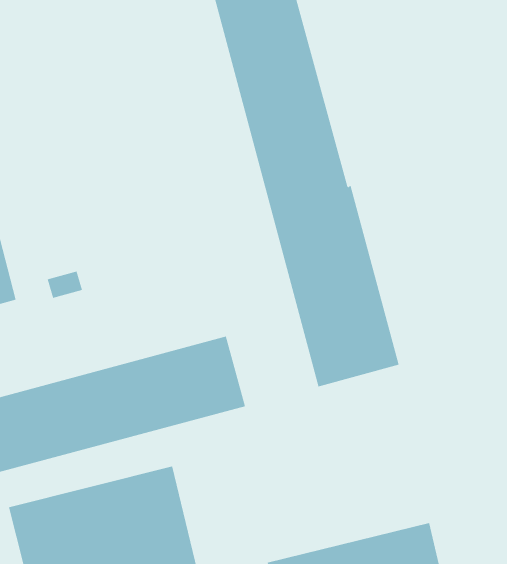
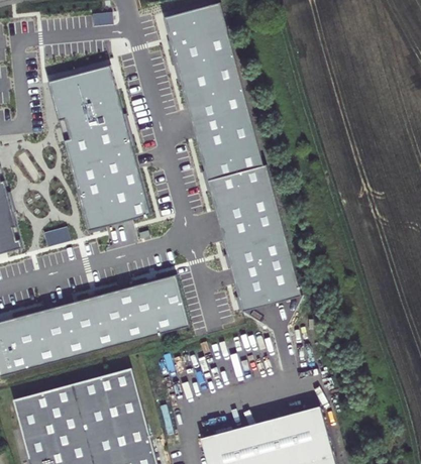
building: none -> [46,65,148,230]

